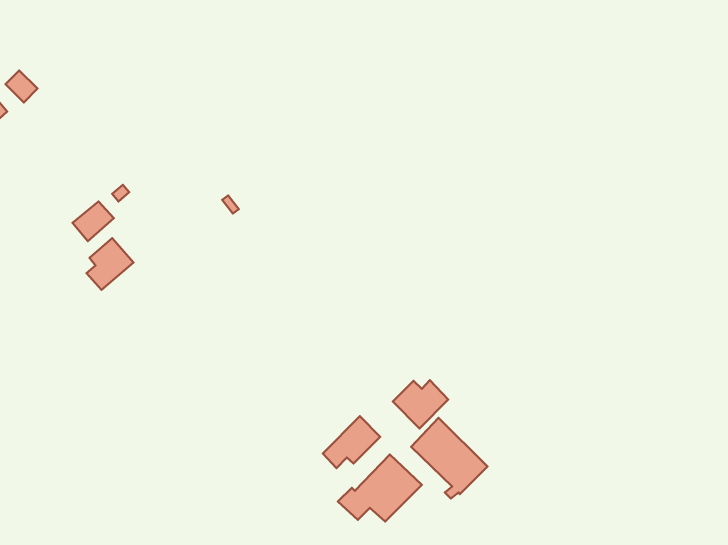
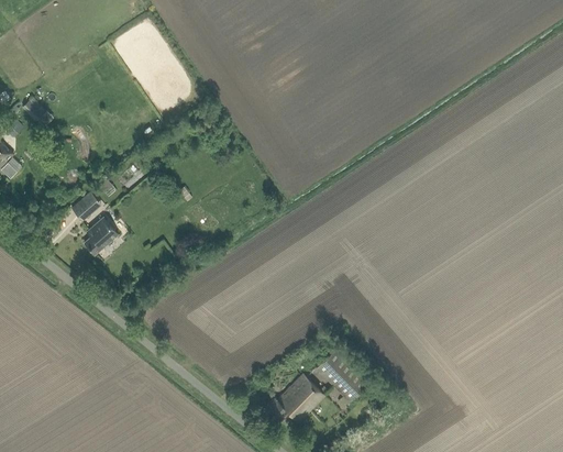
building: [393,380,448,429] -> none
building: [323,416,380,468] -> none

